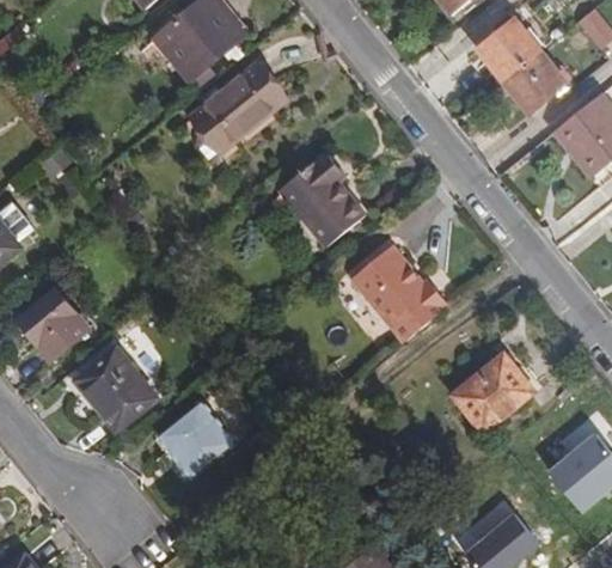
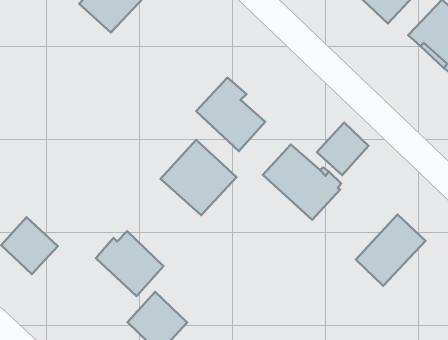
building: [191,62,284,165] -> none
building: none -> [161,140,236,215]
building: none -> [317,123,369,175]
building: [72,348,153,429] -> [96,231,164,296]

